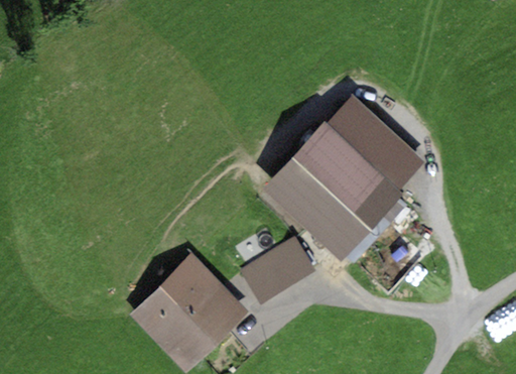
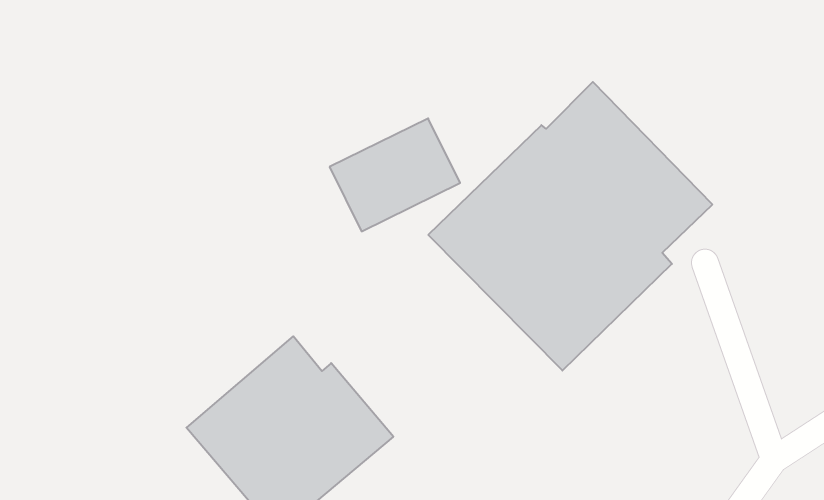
building: [239,235,315,303] -> [330,118,460,231]

